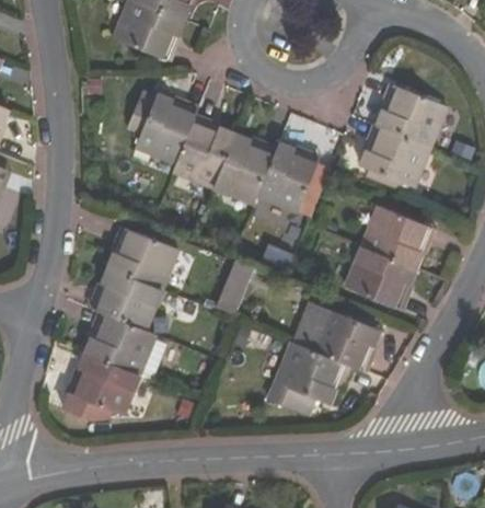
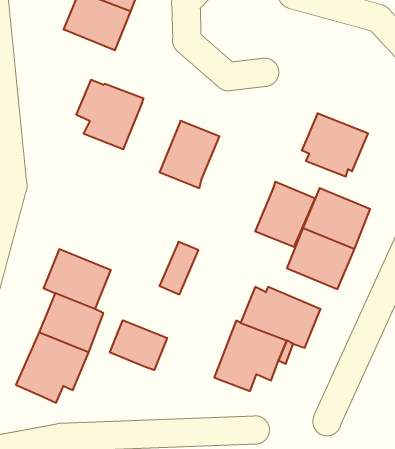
building: [377,84,447,147] -> none
building: [173,117,234,187] -> none
building: [256,143,319,211] -> [255,182,315,247]
building: [108,227,178,289] -> none
building: none -> [110,320,167,370]

